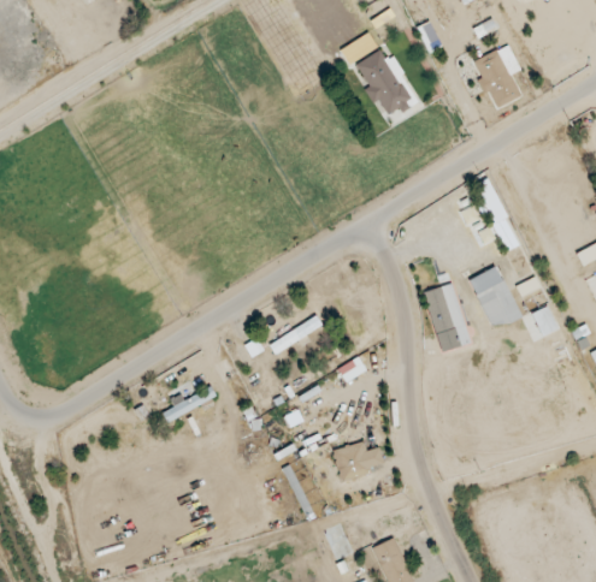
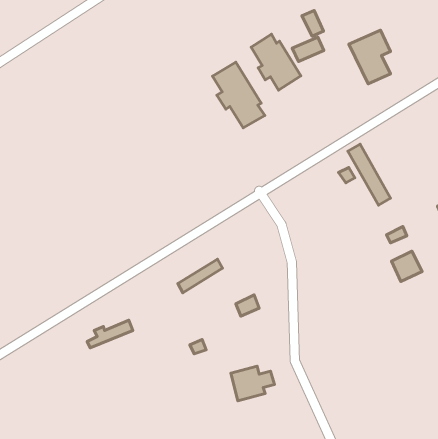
building: [341,34,378,63] -> [292,37,324,62]
building: none -> [212,62,265,128]
building: [470,266,521,329] -> none
building: [424,283,471,352] -> none

